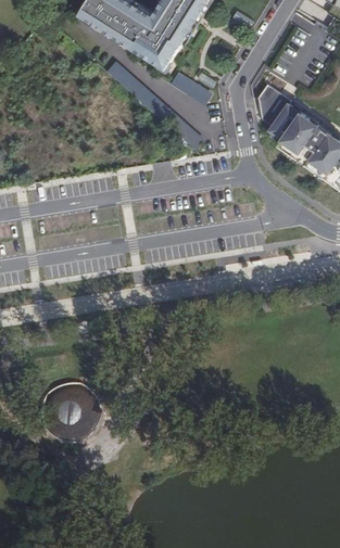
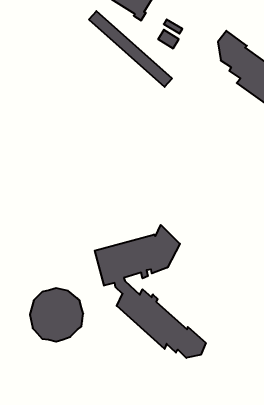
building: none -> [95,225,206,358]

